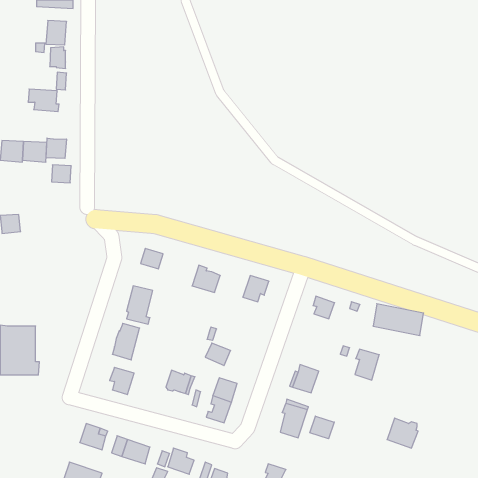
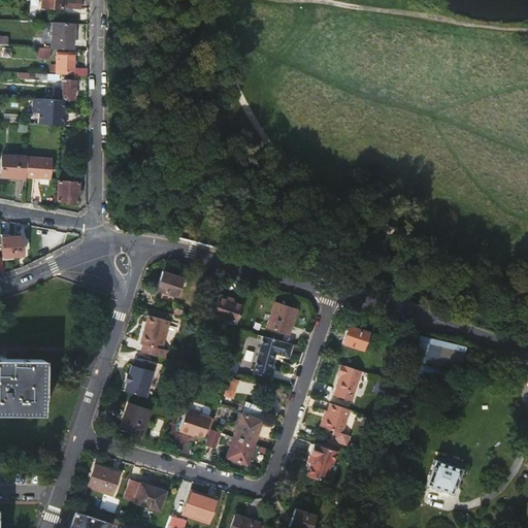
building: [46,138,66,158] -> none
building: none -> [254,335,291,377]
building: [355,349,379,380] -> [336,364,363,398]
building: [310,416,334,439] -> none

